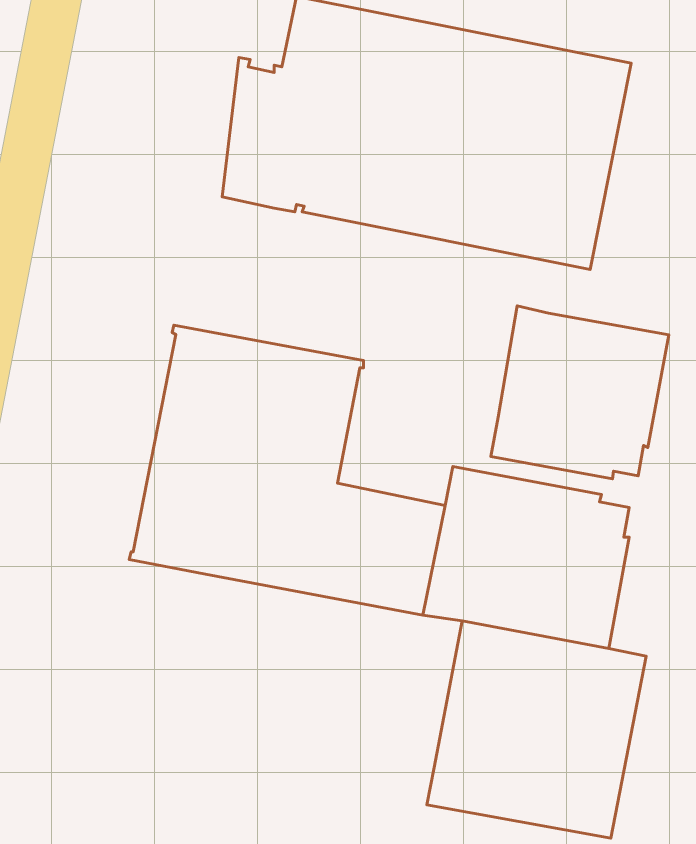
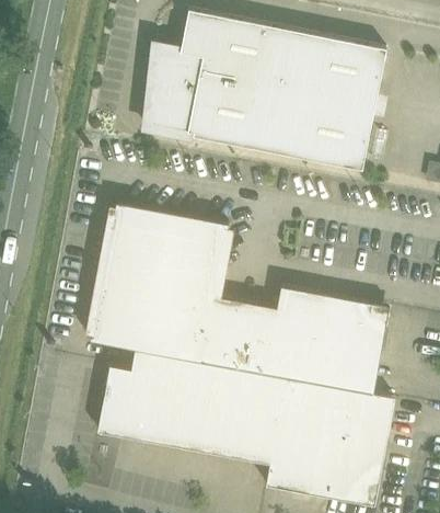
building: [491,306,669,479] -> none
building: none -> [97,350,286,464]

